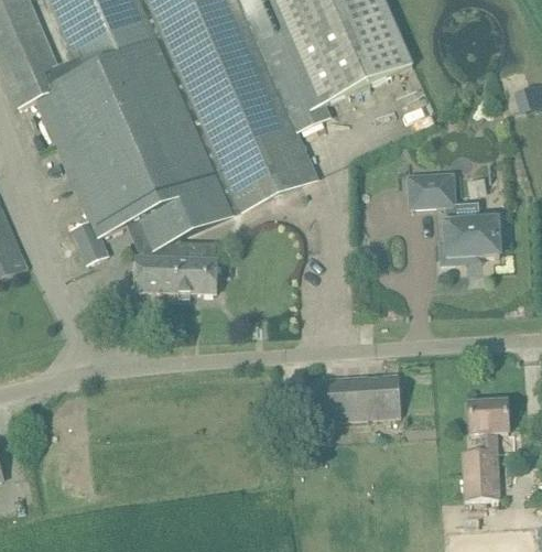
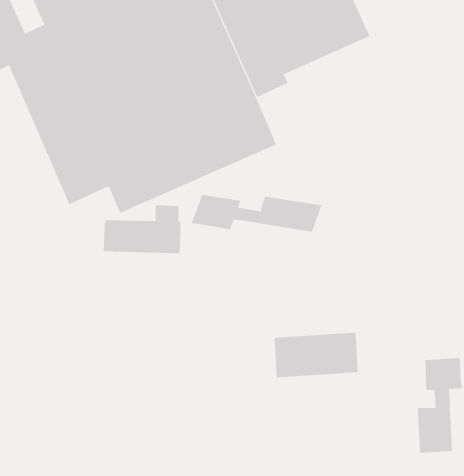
building: [409,173,503,263] -> none
building: [73,220,105,262] -> none
building: none -> [191,194,322,232]

